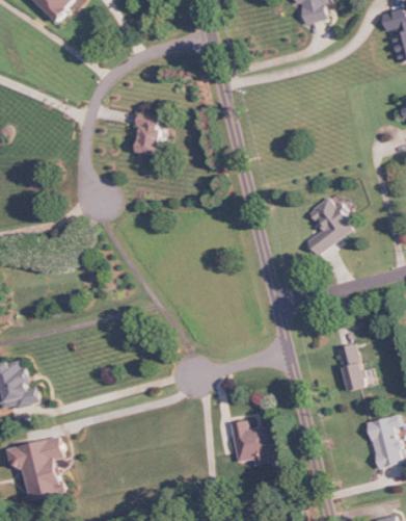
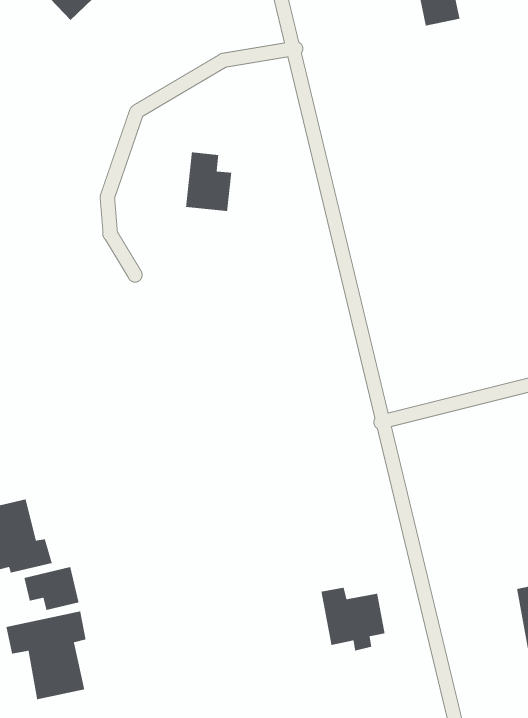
building: [305,197,351,255] -> none
building: [336,343,362,390] -> none
building: none -> [24,566,79,611]

